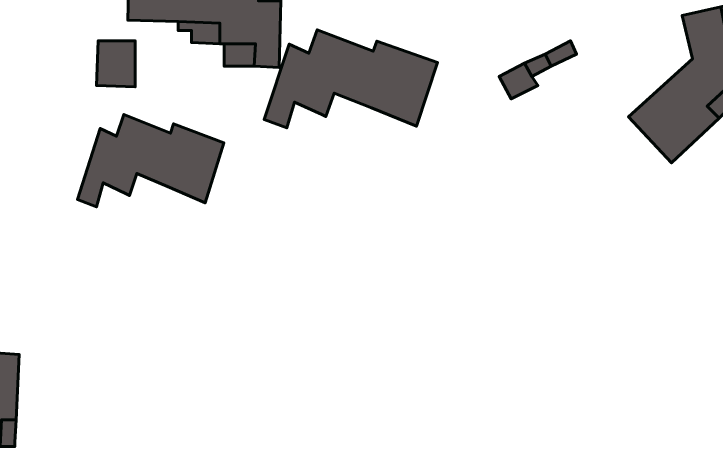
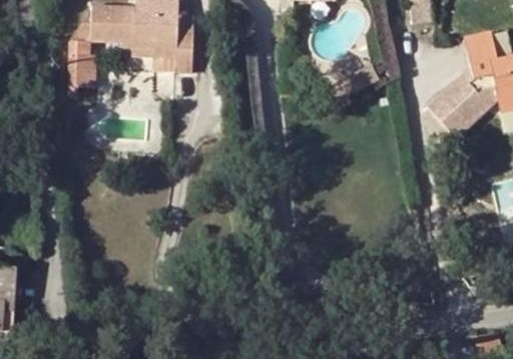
building: [264,30,438,128] -> none
building: [78,114,224,207] -> none

